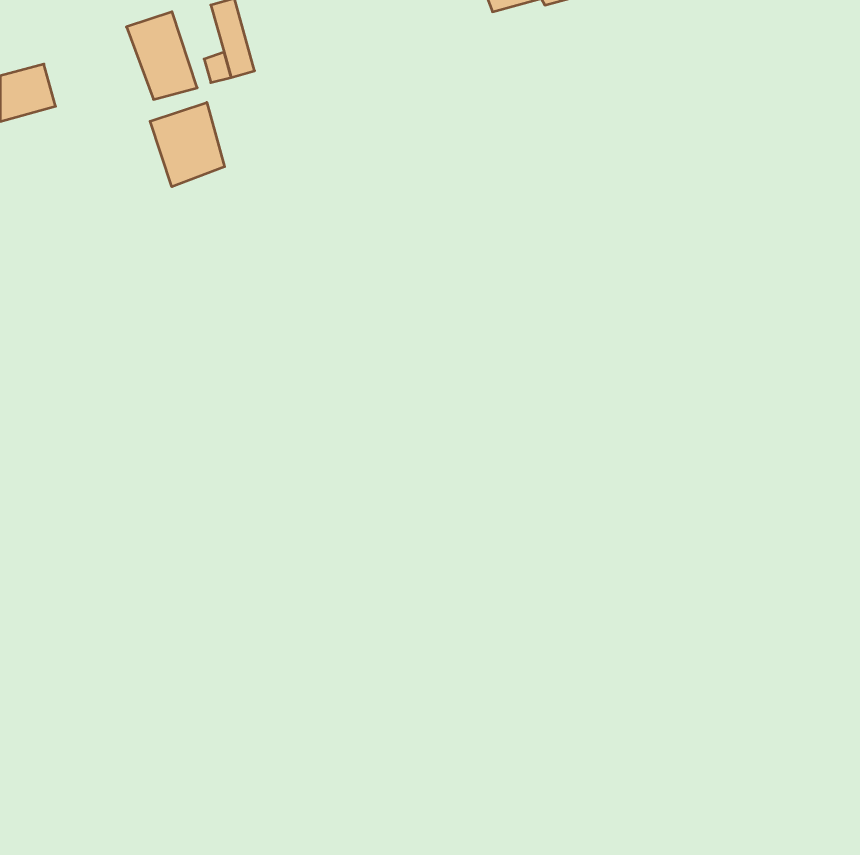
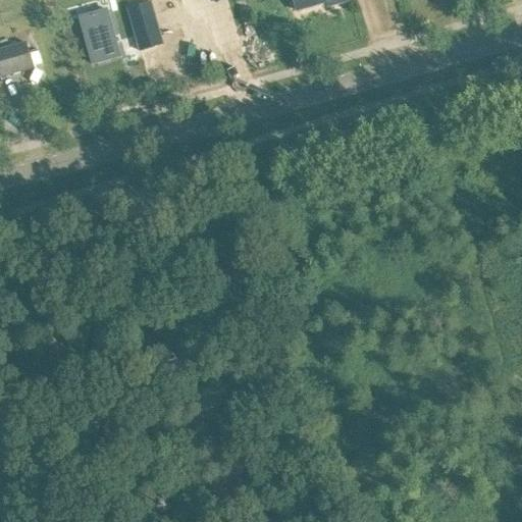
building: [150,102,225,187] -> none

